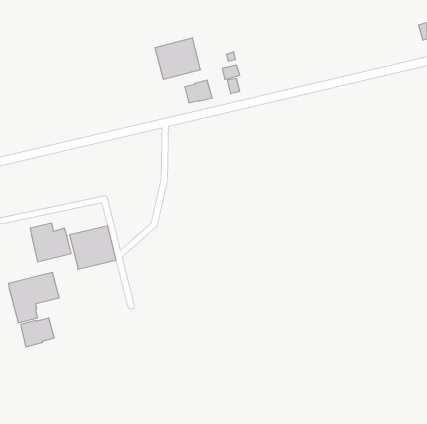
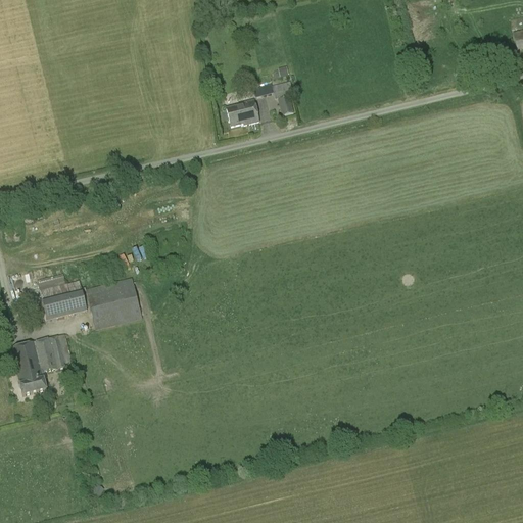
building: [155,38,201,80] -> none
building: [21,318,54,347] -> none

